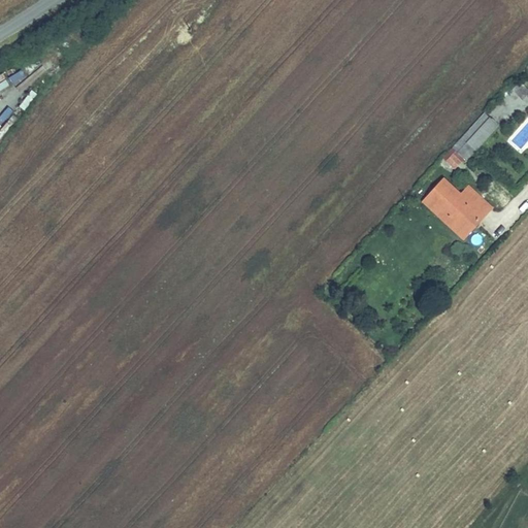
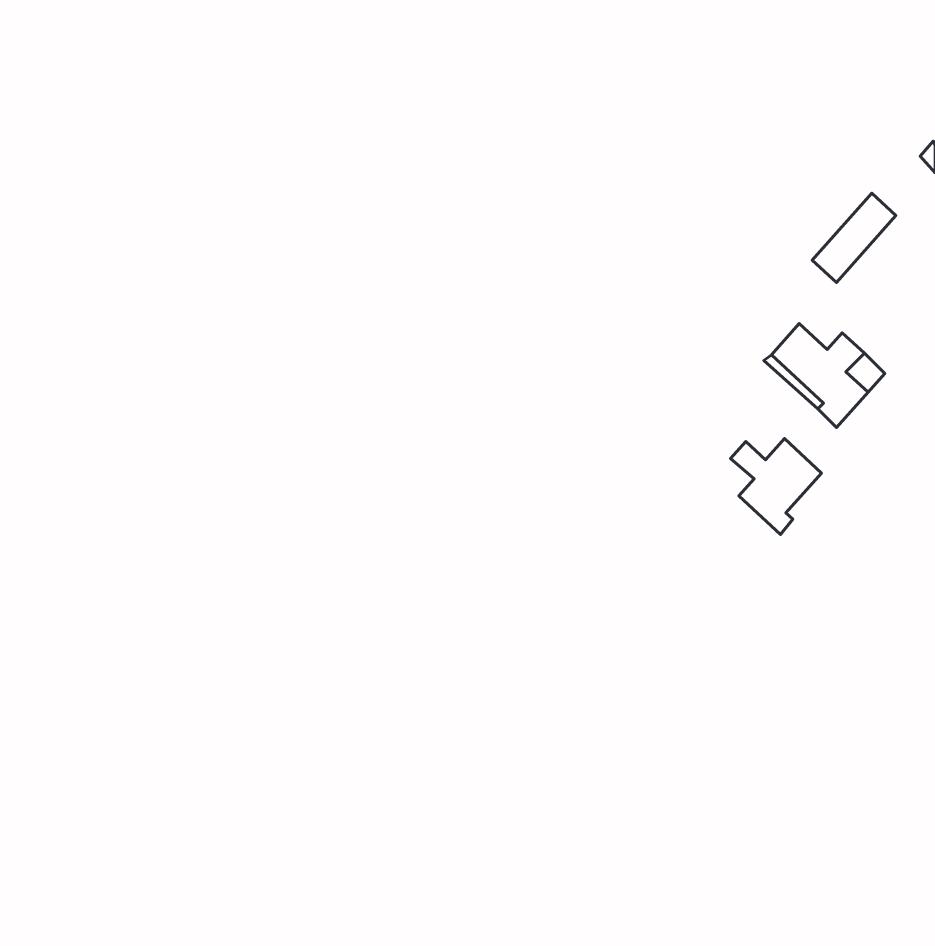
building: none -> [731,439,821,534]

